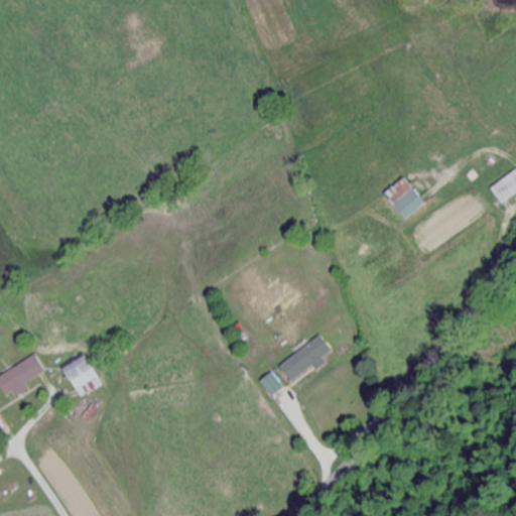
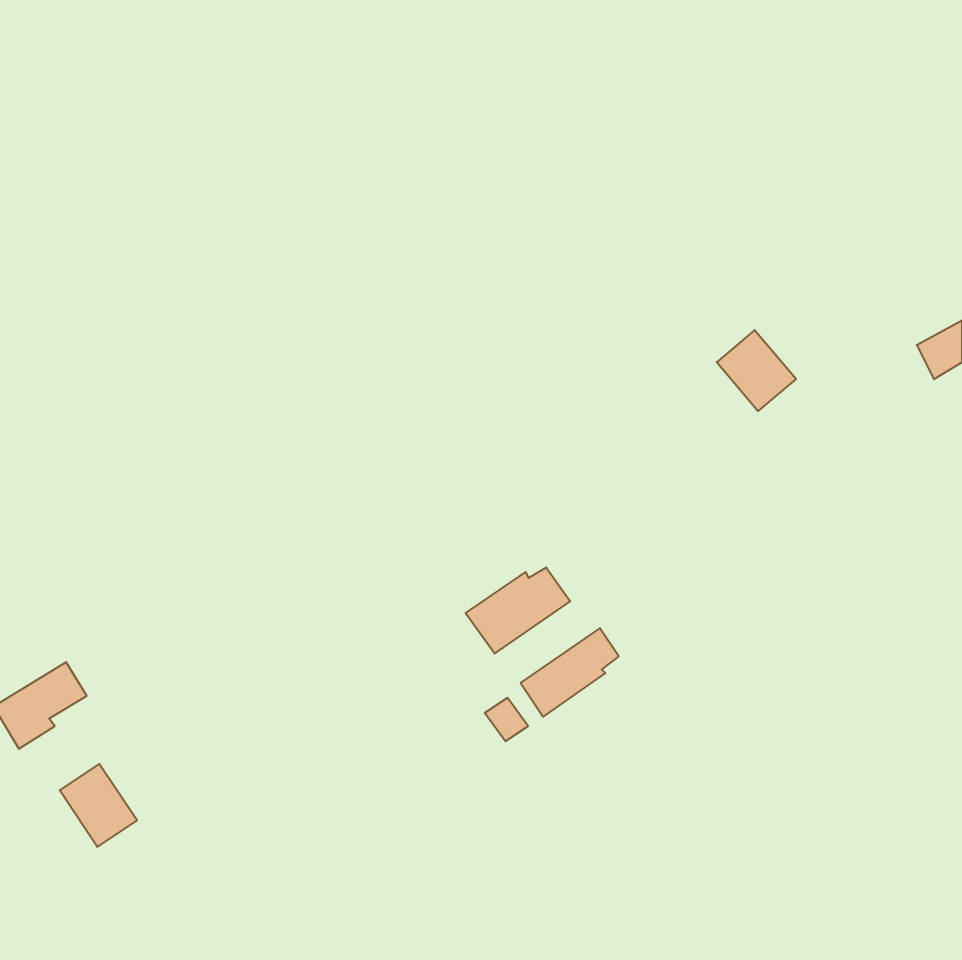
building: none -> [466,567,570,654]
building: [61,353,103,397] -> [60,764,137,847]

